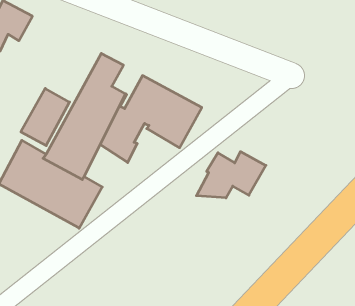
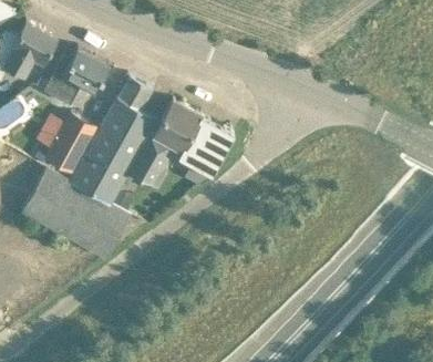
building: none -> [42,46,107,105]
building: [196,152,266,198] -> none

